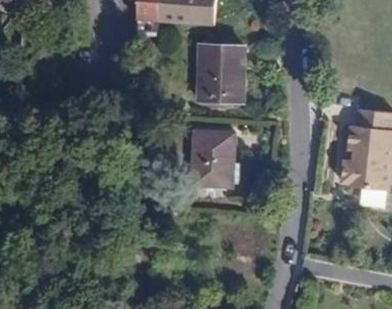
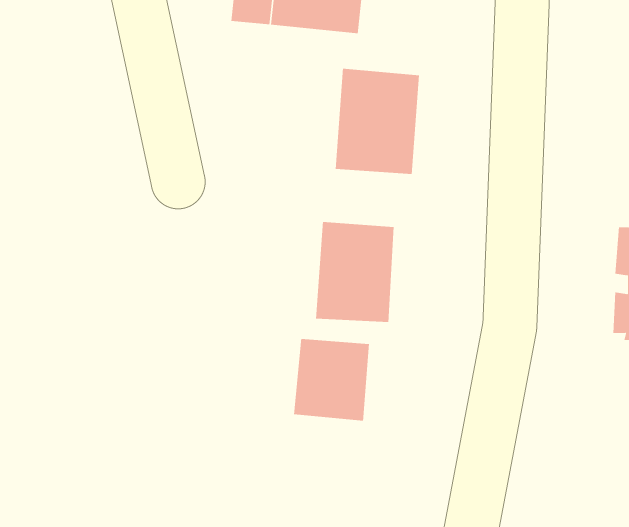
building: none -> [293,338,369,422]

